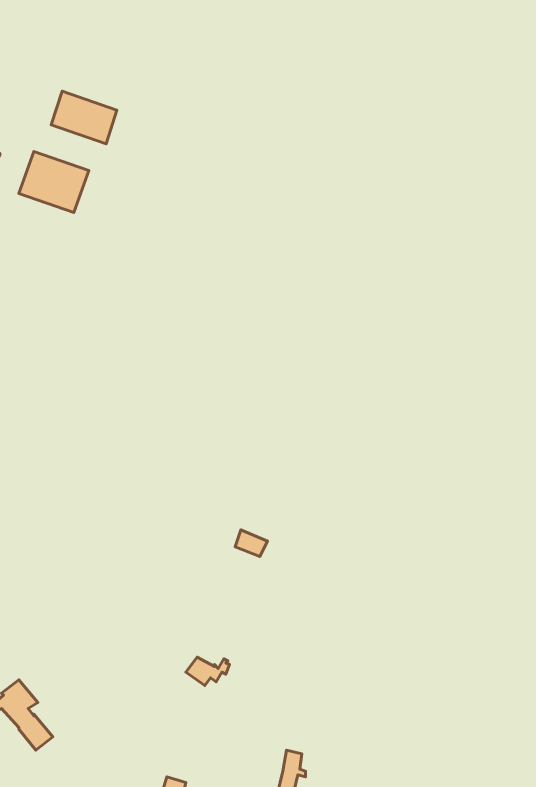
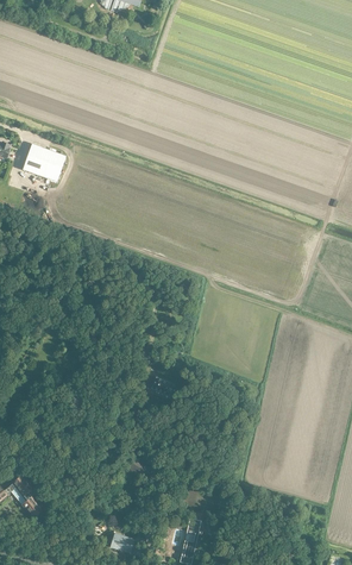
building: [51,91,117,144] -> none

